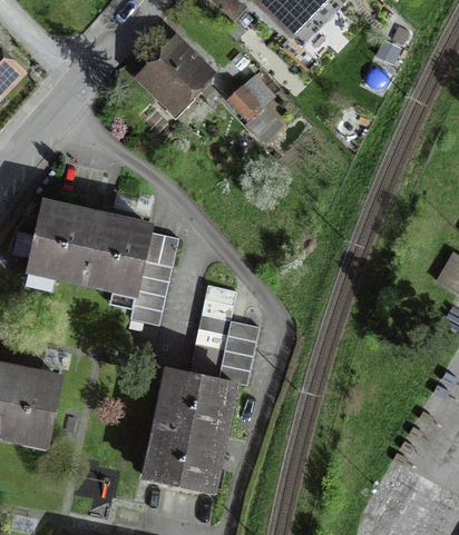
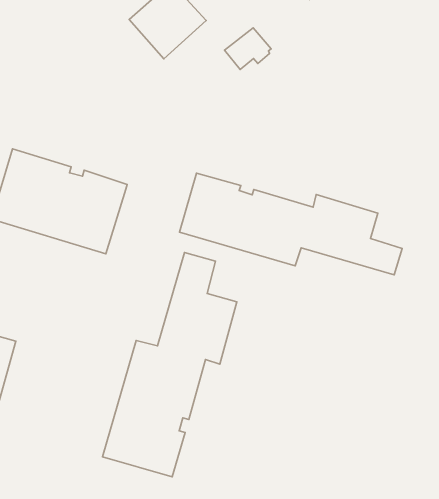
building: none -> [179,173,402,275]
building: [129,232,178,326] -> none

